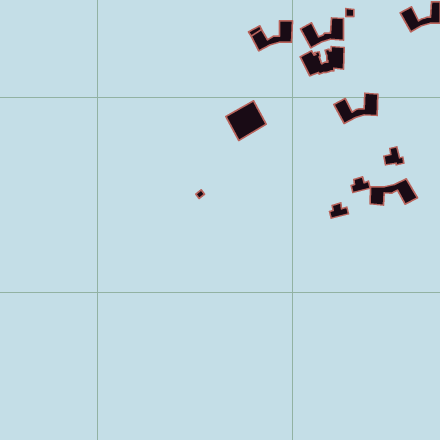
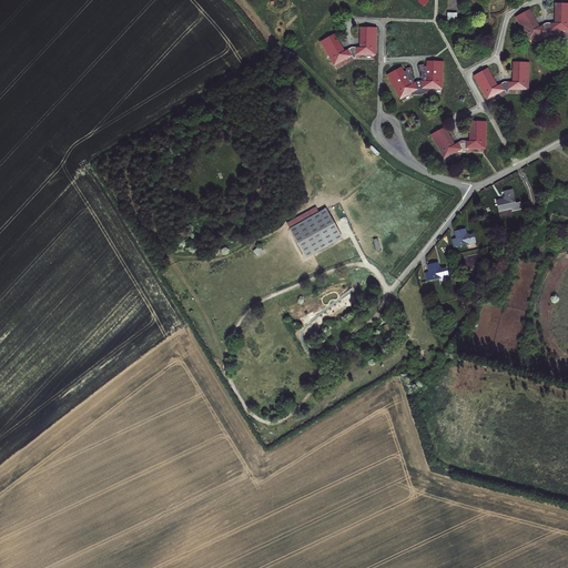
building: [300,18,343,48] -> [473,61,528,100]
building: [226,101,266,141] -> [291,207,343,258]
building: [370,179,418,205] -> none

